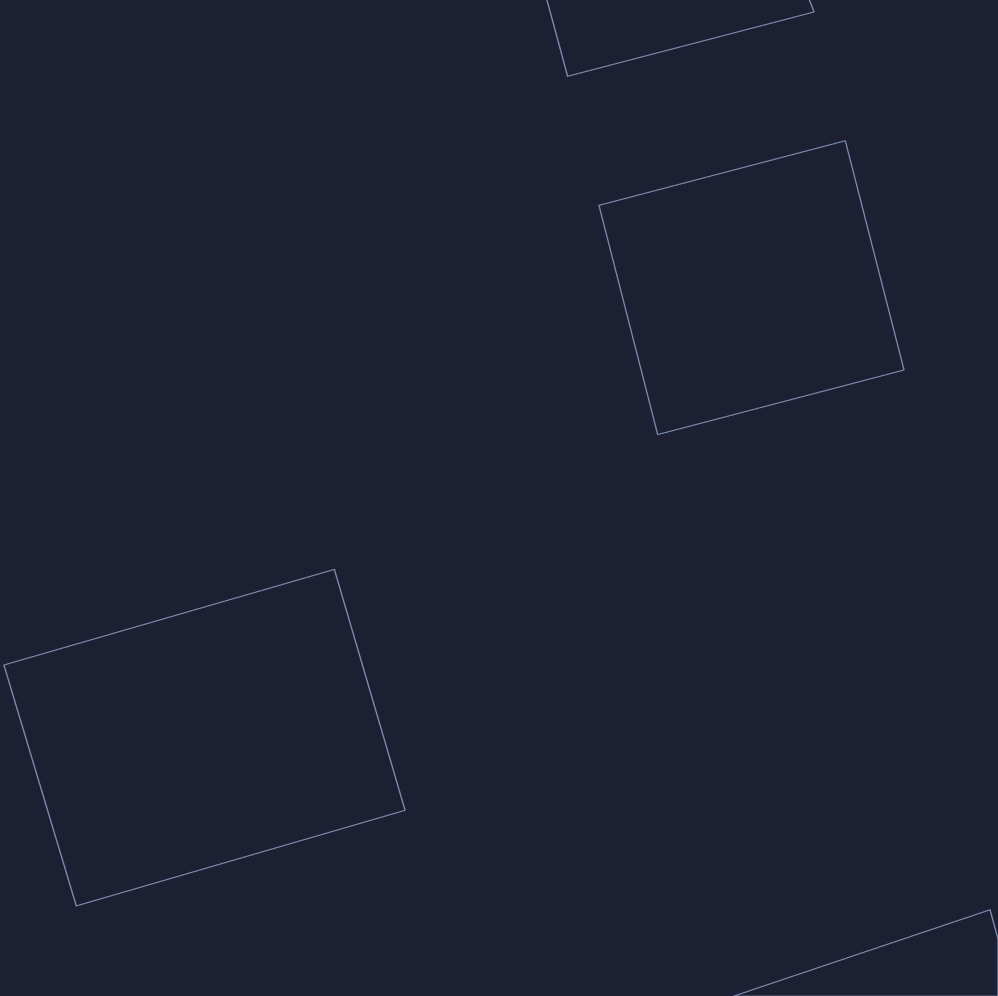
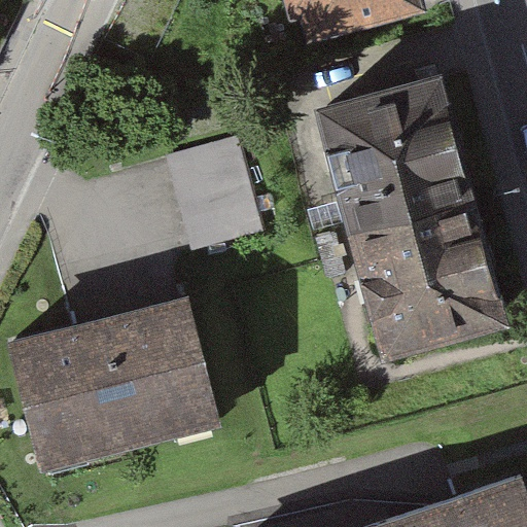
building: none -> [166,133,262,251]
building: none -> [346,195,511,362]

